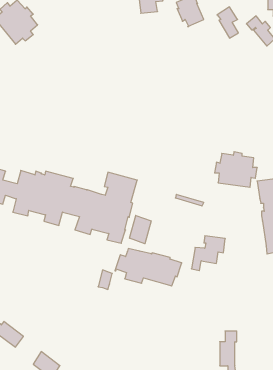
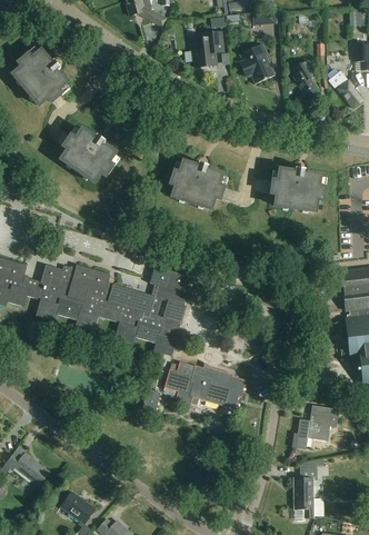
building: none -> [61,129,116,182]
building: none -> [170,161,223,209]
building: [215,152,257,187] -> [271,167,325,211]
building: [130,215,151,244] -> none
building: [191,236,225,271] -> [296,405,338,448]

